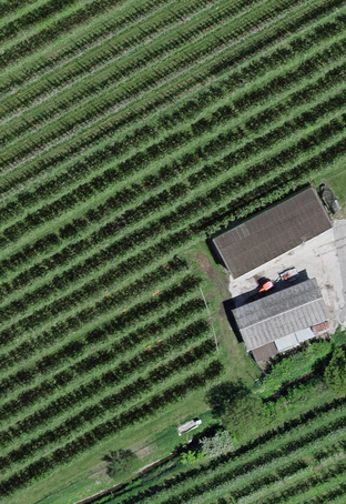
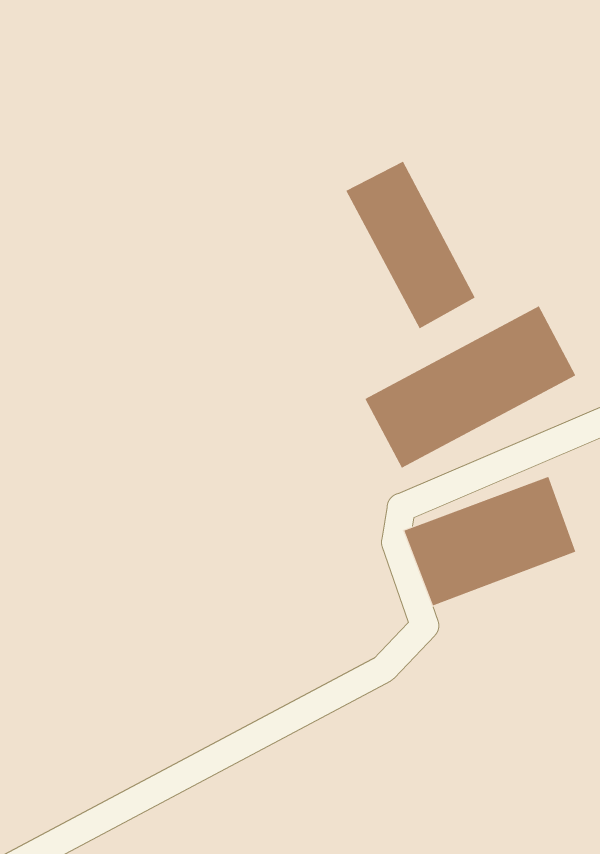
building: none -> [346,161,476,329]

